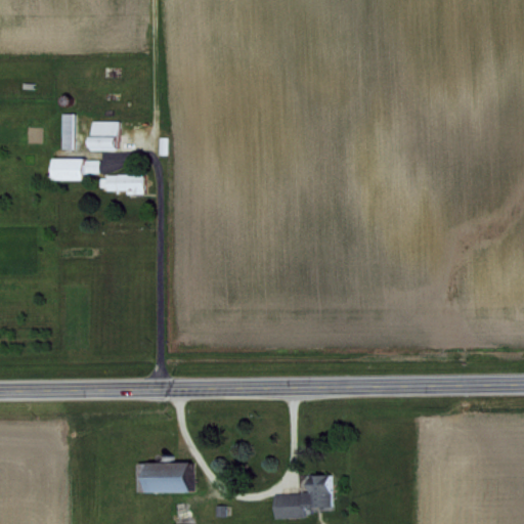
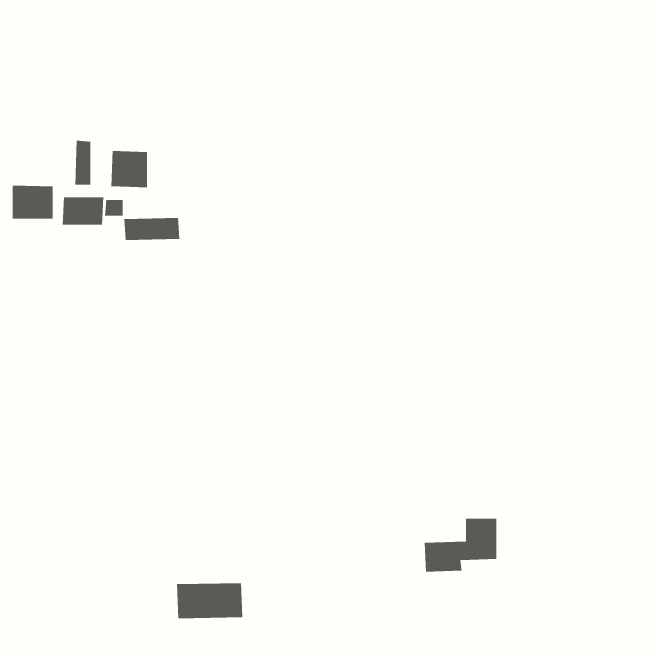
building: none -> [12,185,53,220]
building: [272,475,331,518] -> [424,518,497,572]

